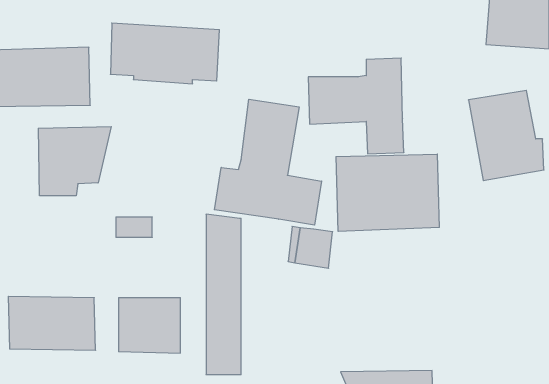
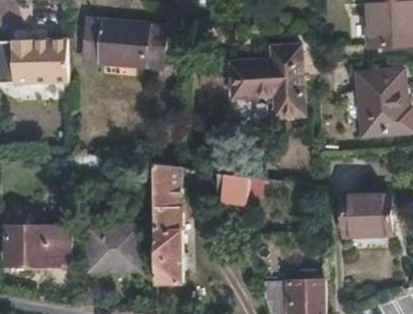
building: [214,99,322,225] -> none
building: [38,127,111,196] -> none
building: [336,154,439,231] -> none
building: none -> [344,194,393,237]

